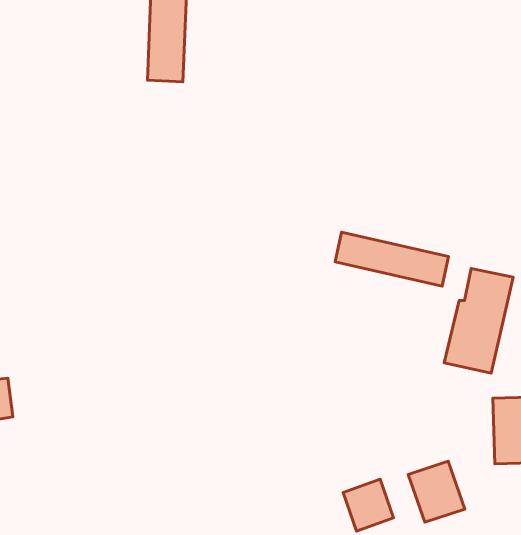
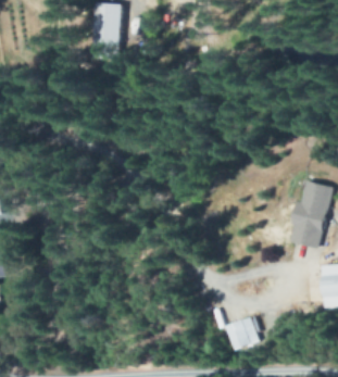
building: [335,232,448,286] -> none
building: [408,461,465,522] -> none

